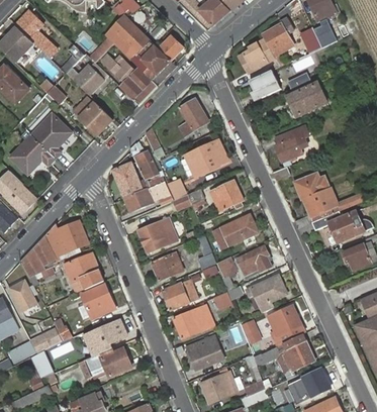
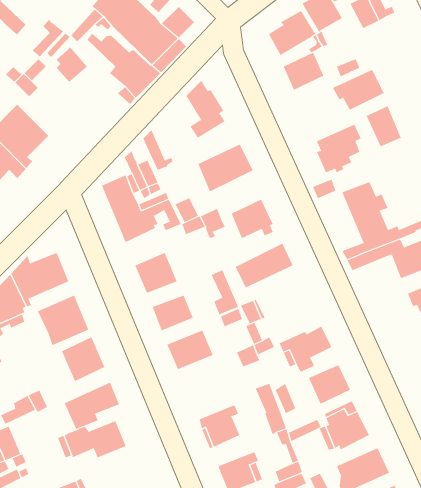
building: [73,97,111,135] -> none
building: none -> [366,106,402,147]
building: [237,245,272,275] -> none
building: [174,306,213,338] -> none

